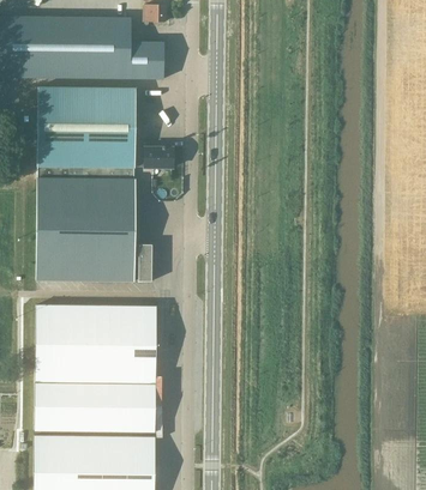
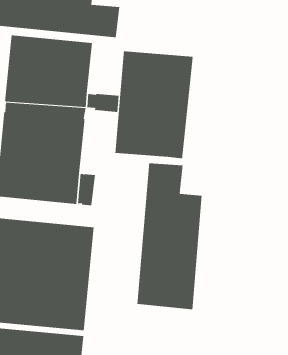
building: none -> [115,51,193,159]
building: none -> [137,162,202,310]

